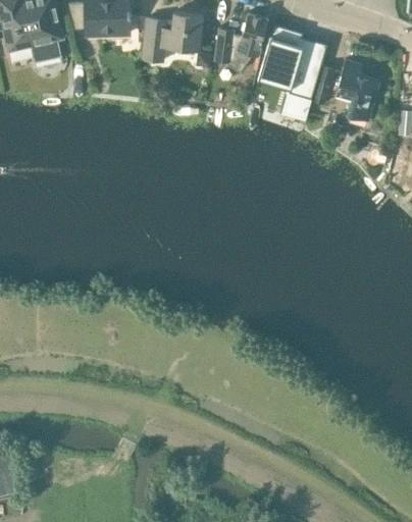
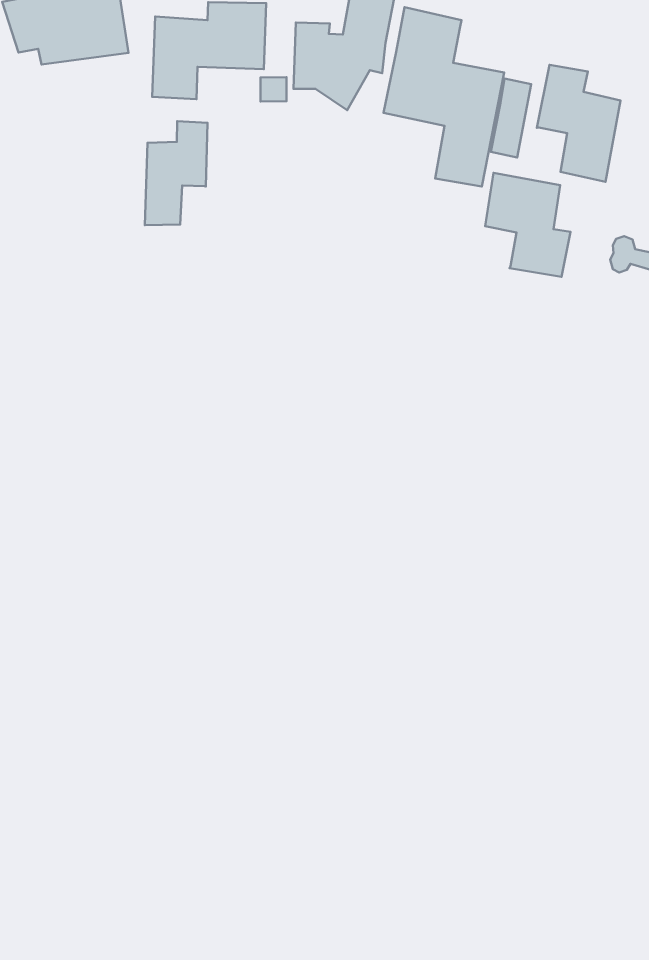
building: none -> [145,121,207,225]
building: none -> [485,173,570,277]

